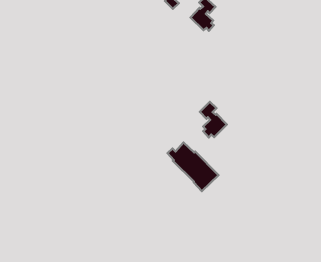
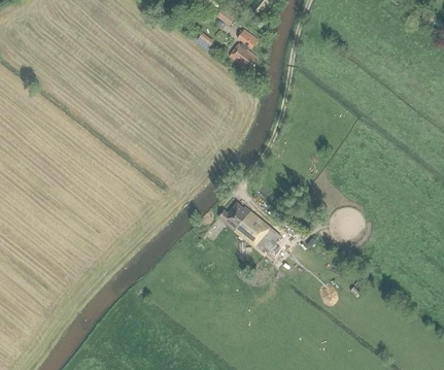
building: [200,102,227,138] -> none

